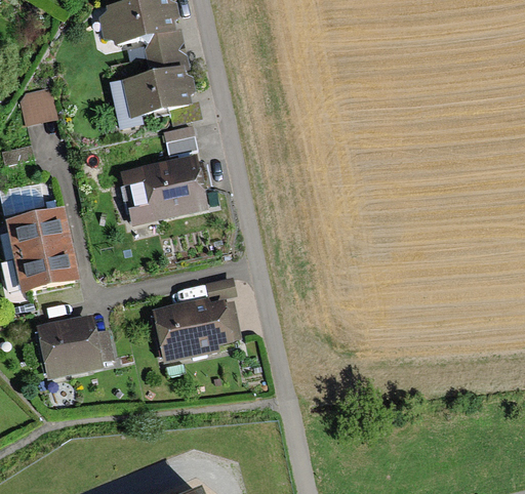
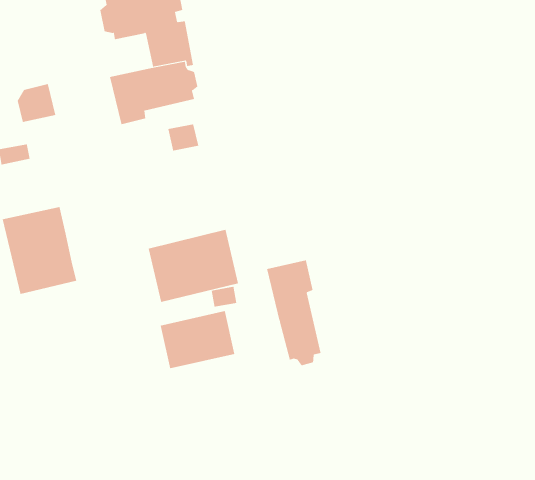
building: [120,154,208,224] -> [148,229,239,303]
building: none -> [266,259,321,366]
building: [37,316,111,378] -> none

